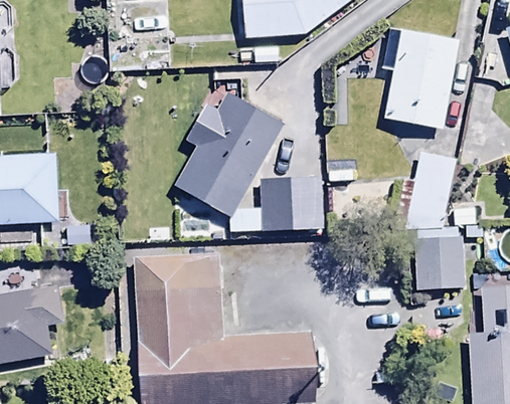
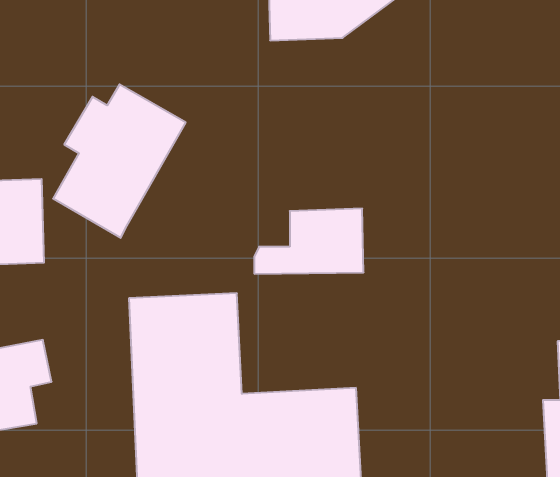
building: [380,29,459,131] -> none
building: [176,91,285,217] -> [53,84,186,238]
building: [403,152,461,290] -> none

